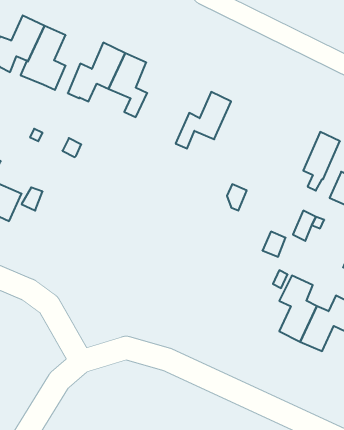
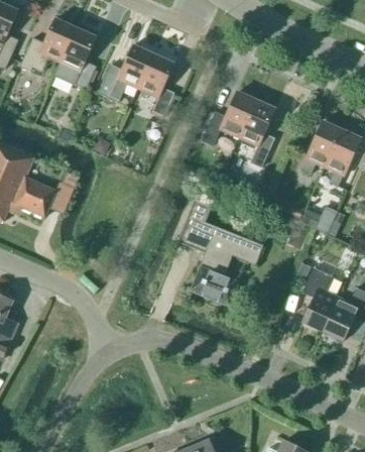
building: none -> [239,100,274,166]
building: none -> [301,121,341,174]
building: none -> [178,198,263,305]

